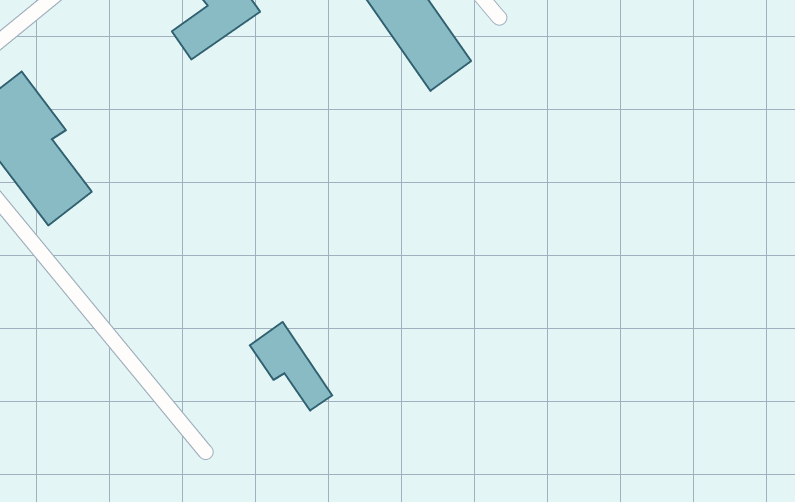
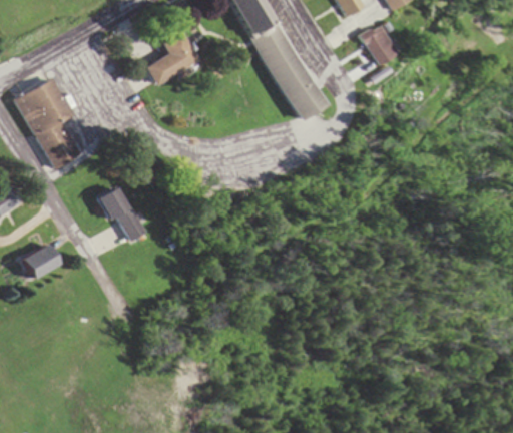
building: [250,322,332,411] -> [102,187,146,242]
building: none -> [22,246,59,280]

